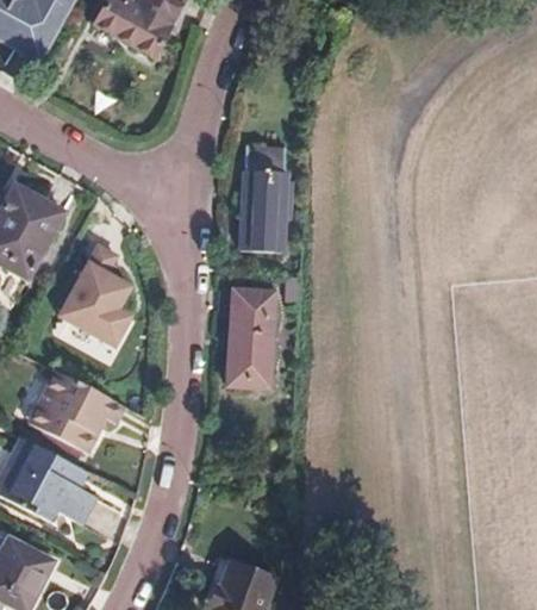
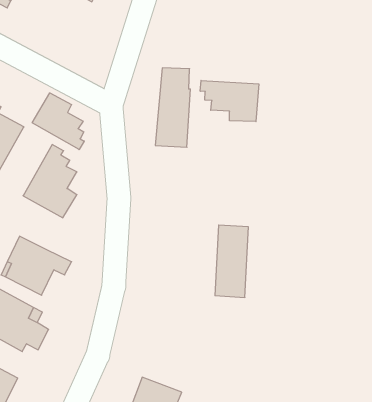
building: none -> [200,80,259,122]
building: none -> [32,93,84,150]
building: [230,288,275,386] -> [215,225,248,297]

